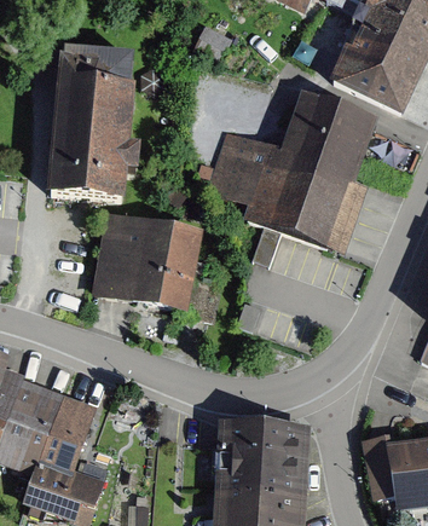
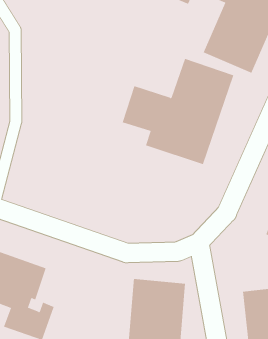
building: [59,64,135,196] -> none
building: [96,213,195,308] -> none

